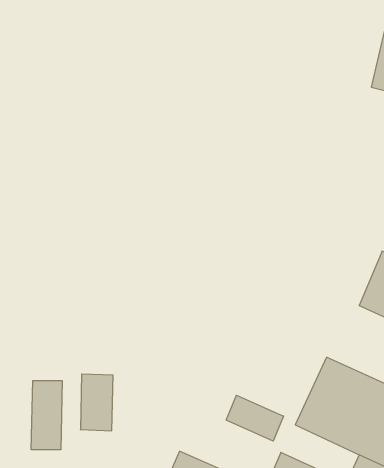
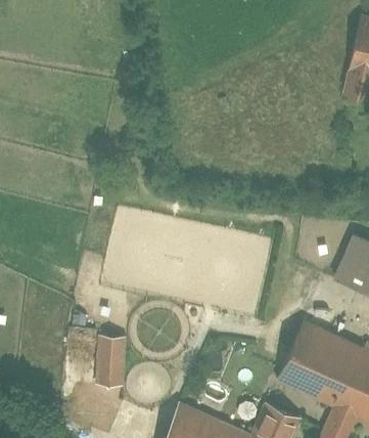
building: [31,381,62,450] -> none
building: [226,395,284,441] -> none

